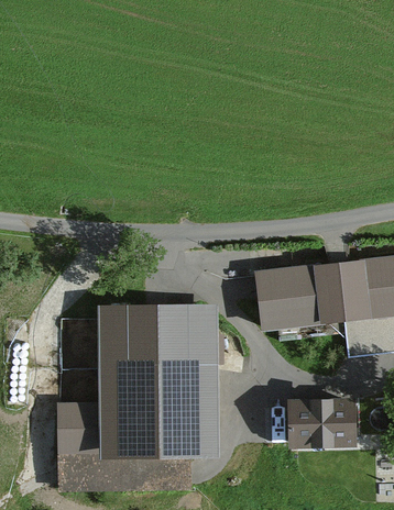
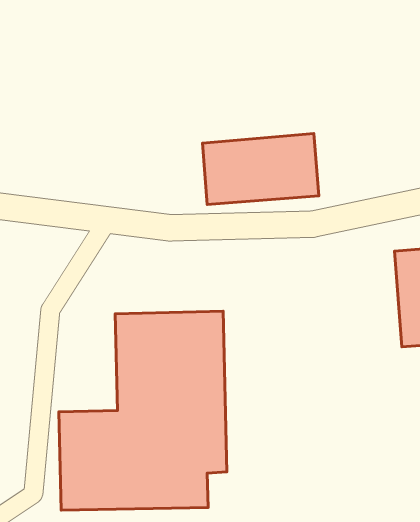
building: [239,262,343,325] -> [202,133,319,205]
building: [288,398,358,448] -> none

